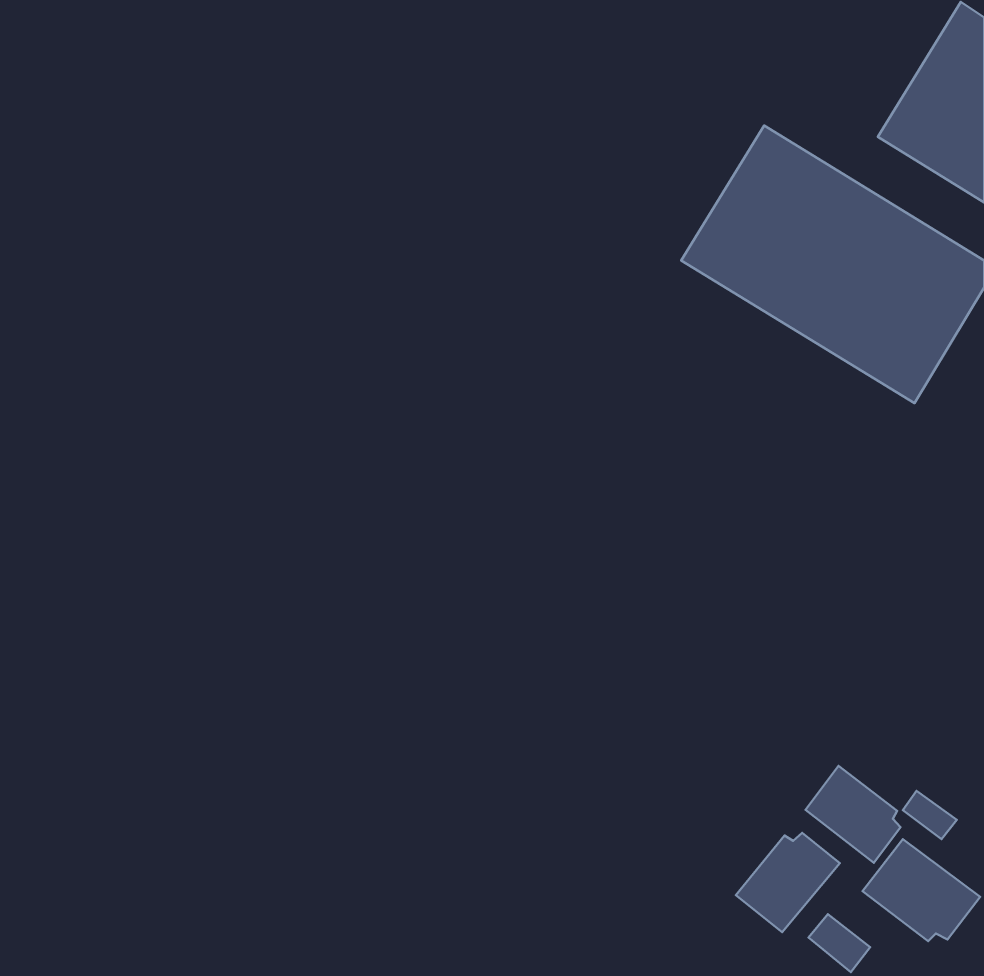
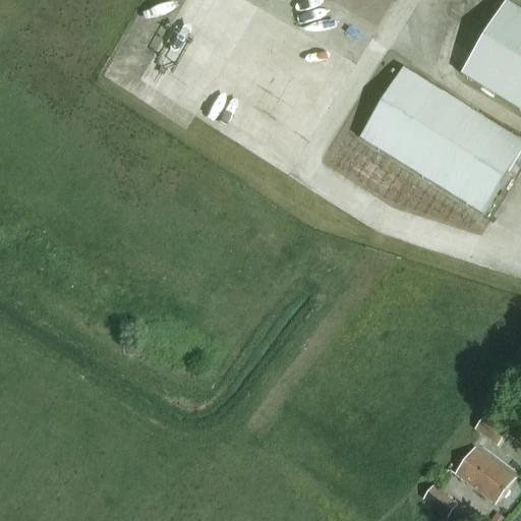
building: [806,766,901,863] -> none
building: [736,833,840,932] -> none

